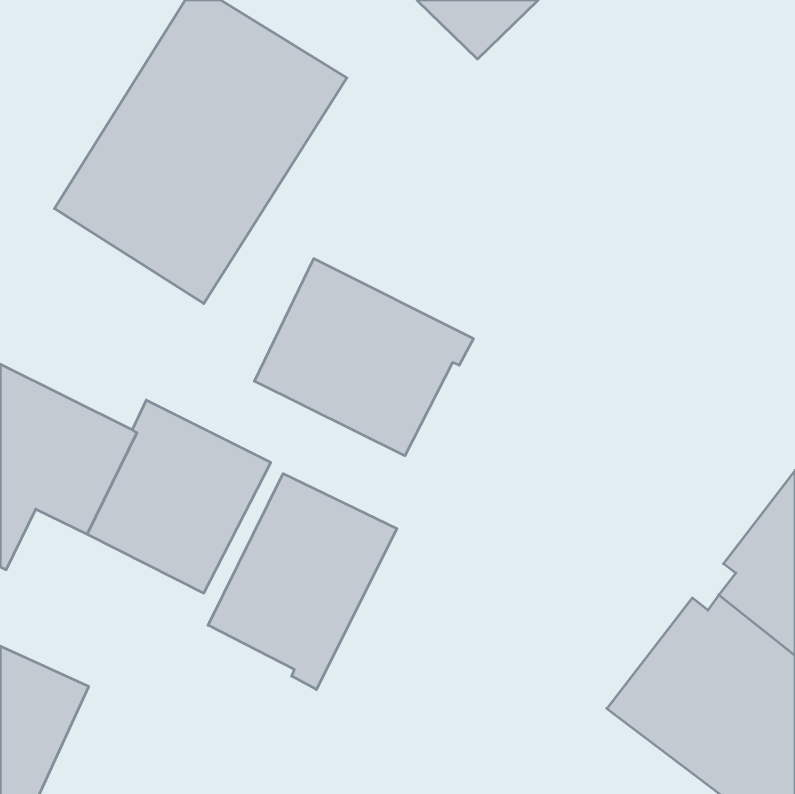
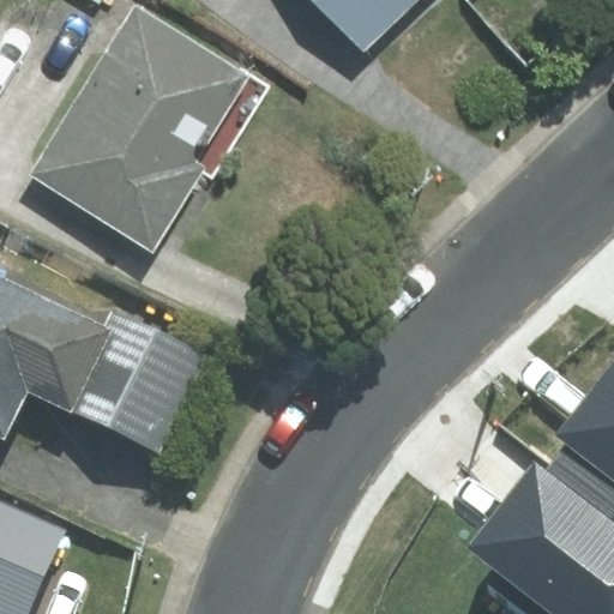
building: [254,259,473,456] -> none
building: [208,474,397,690] -> none

